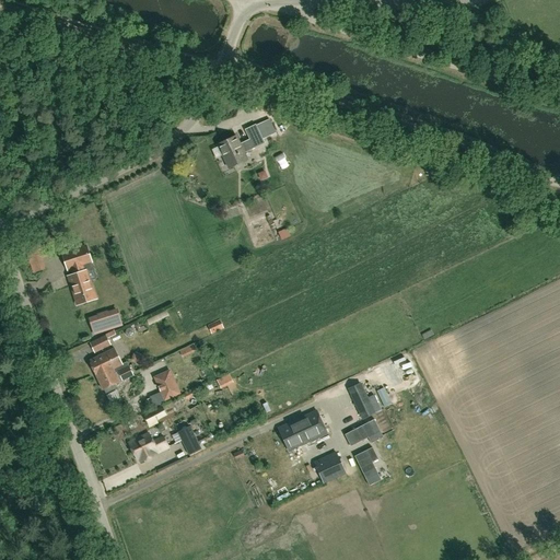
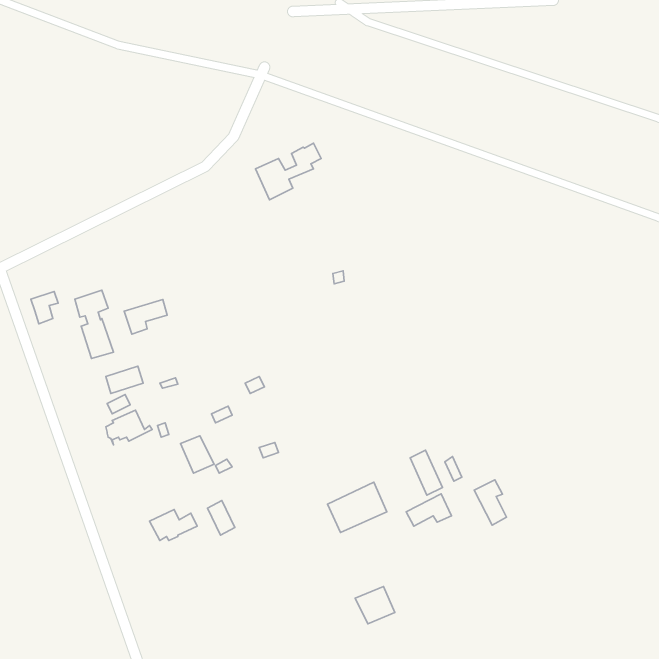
building: none -> [124,300,167,334]
building: [95,364,133,394] -> none
building: [354,447,382,486] -> [474,480,506,525]
building: [313,452,347,483] -> [355,587,395,624]

